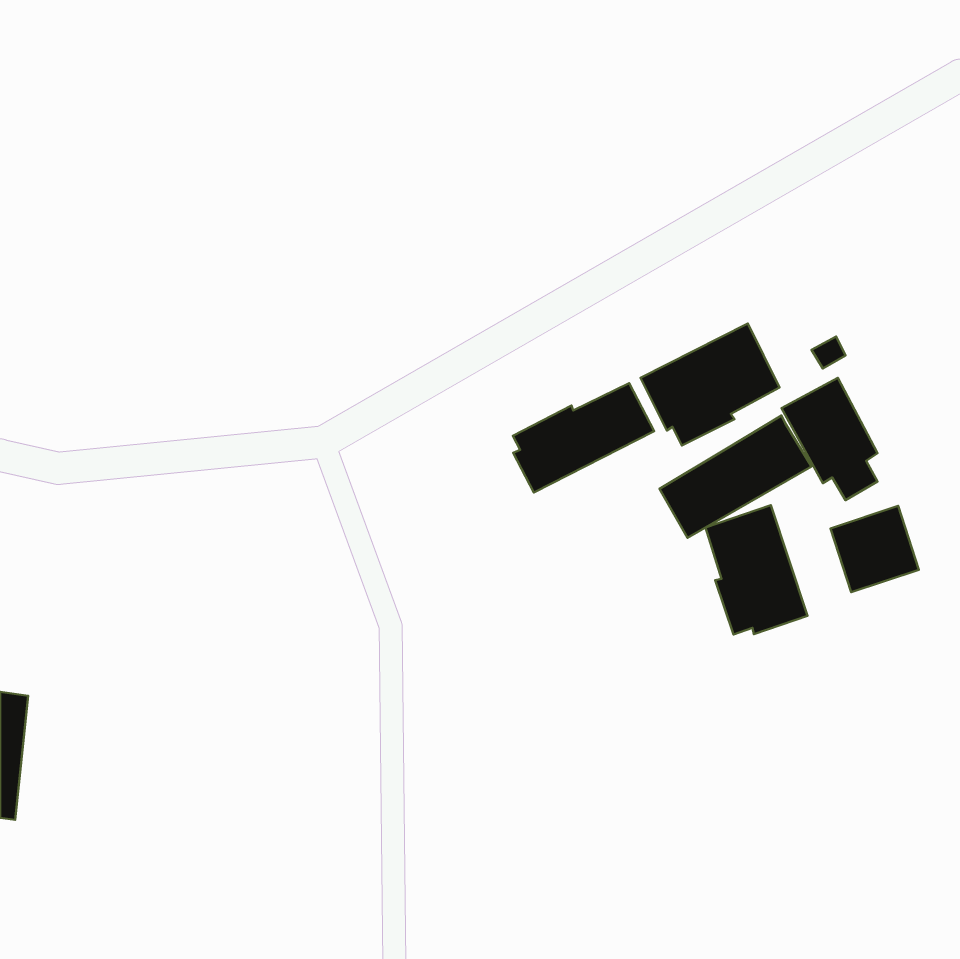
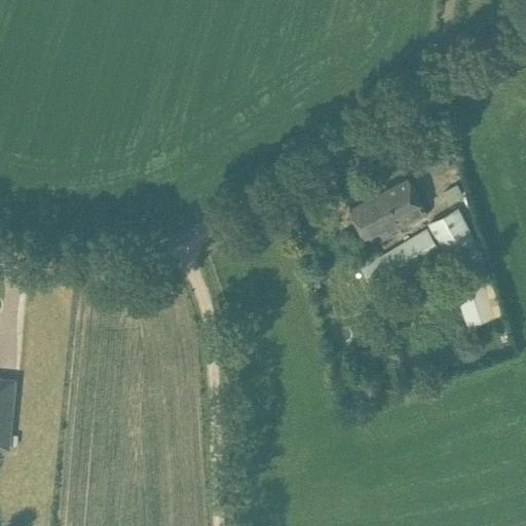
building: [513,383,654,492] -> none
building: [706,505,808,634] -> none

